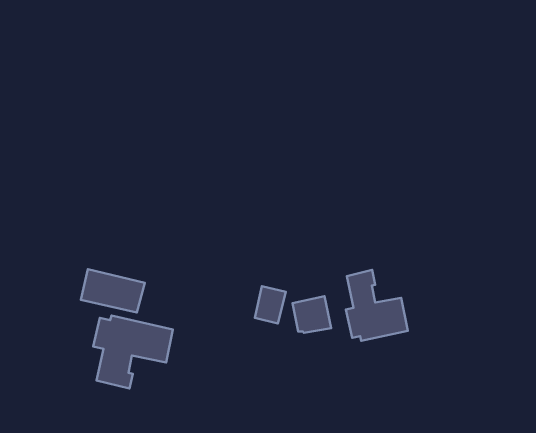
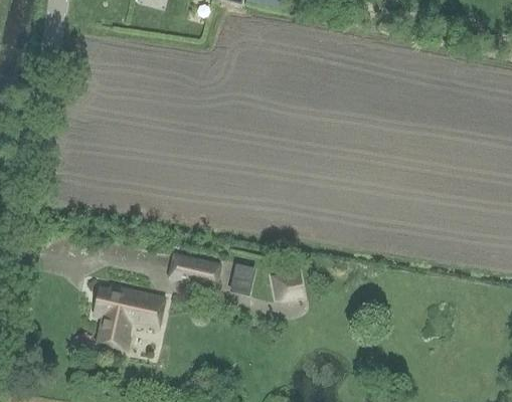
building: [81,269,145,312] -> [166,251,222,289]
building: [346,270,408,341] -> none

